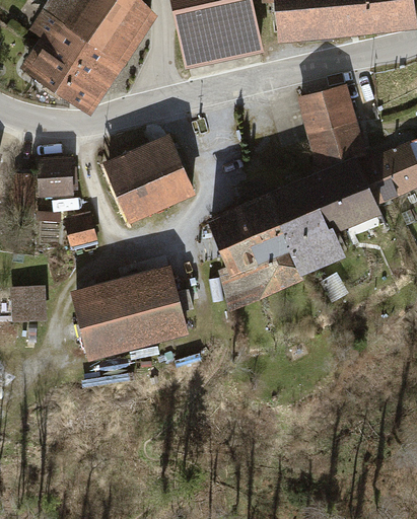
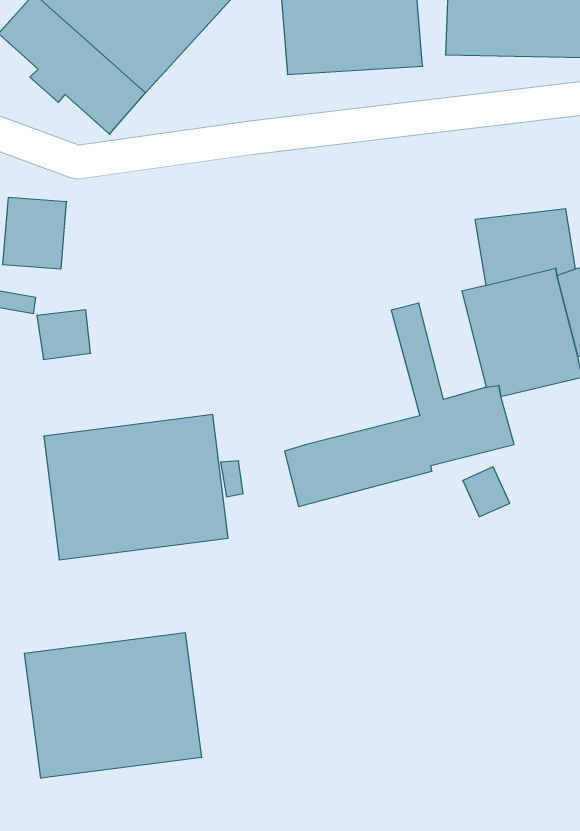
building: [296,84,356,134] -> none
building: [100,134,194,222] -> none
building: [280,175,325,238] -> none
building: [203,192,289,275] -> none
building: none -> [24,633,202,778]

